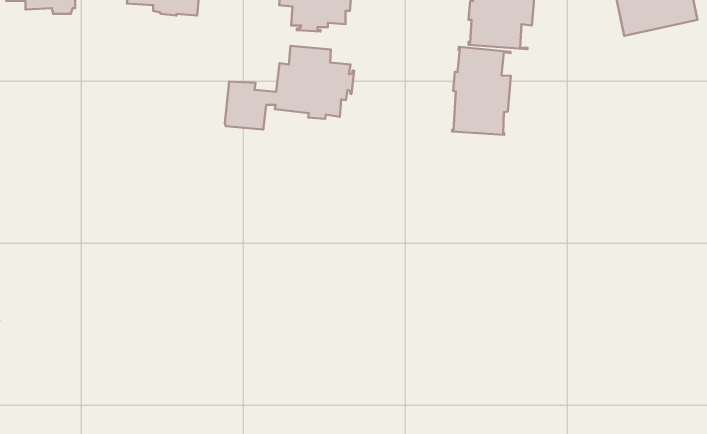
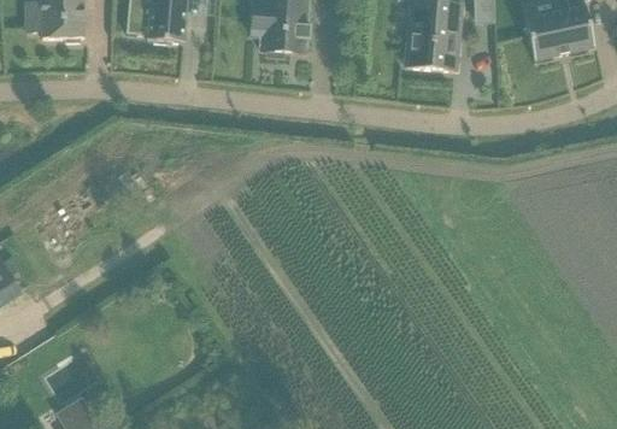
building: [225,46,354,129] -> none
building: [452,47,511,135] -> none

